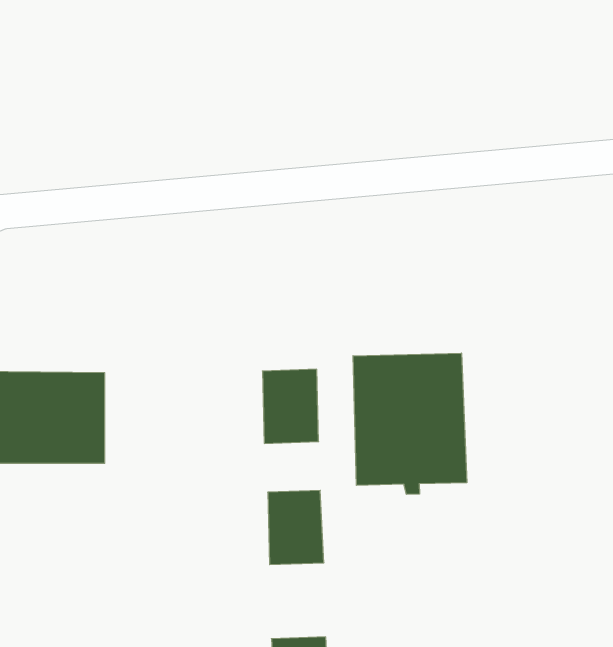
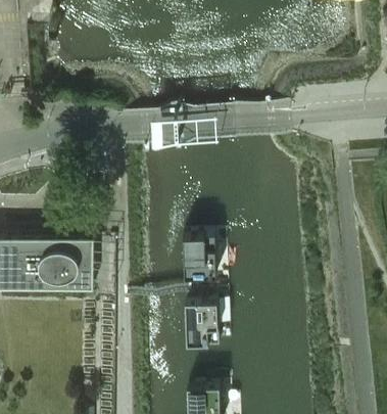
building: [353,353,467,494] -> none

